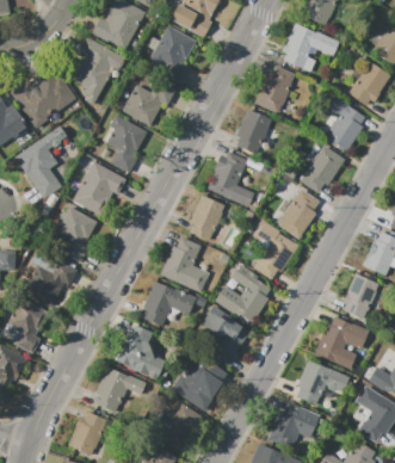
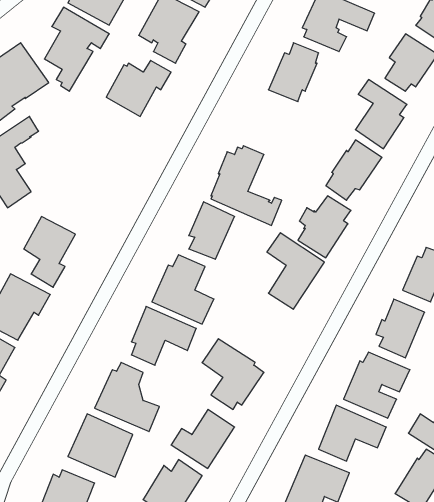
building: [235,107,273,155] -> none
building: [101,113,148,173] -> none
building: [73,162,126,216] -> none
building: [215,264,272,326] -> none

